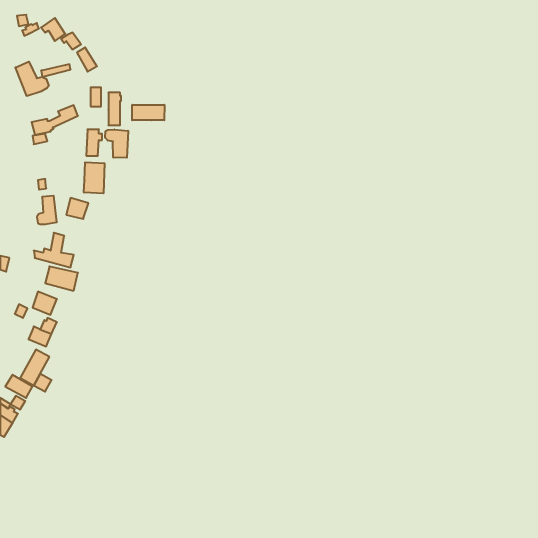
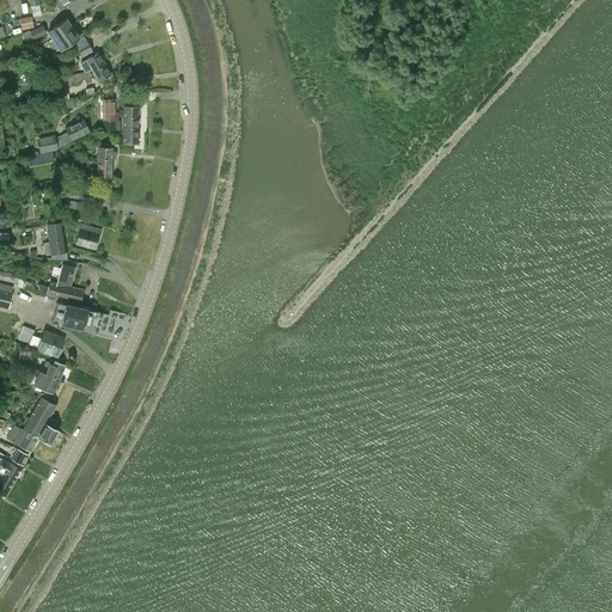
building: [15,62,49,96] -> none
building: [132,105,164,120] -> none
building: [105,129,128,158] -> none
building: [84,162,105,193] -> none

